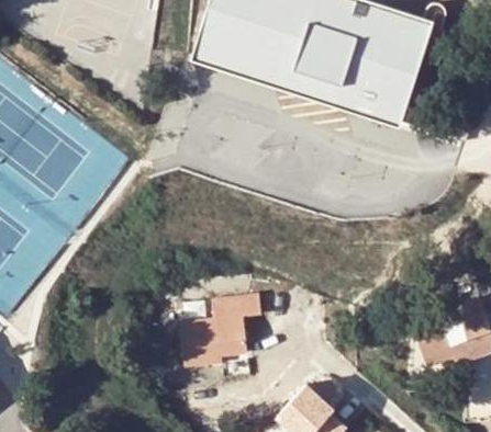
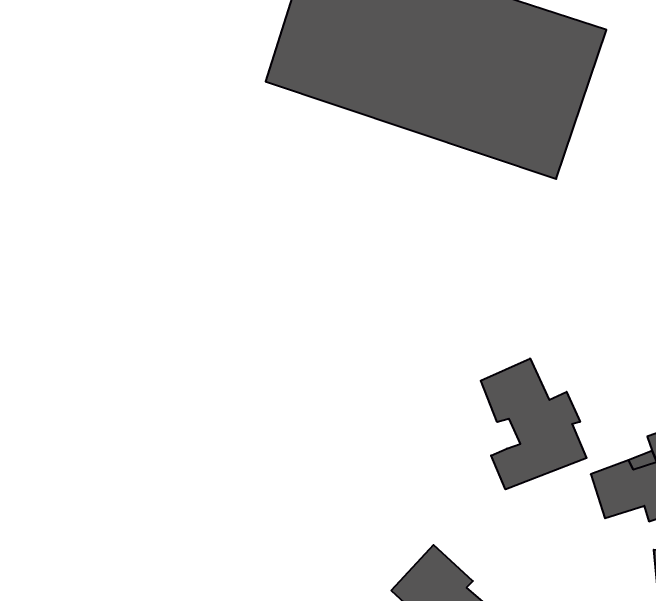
building: none -> [481,358,587,489]
building: [182,295,261,364] -> none

